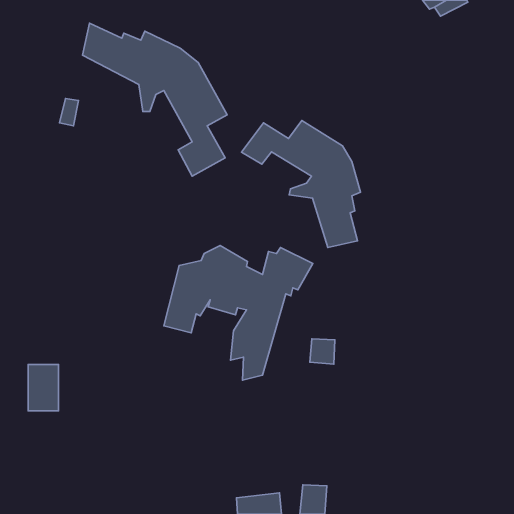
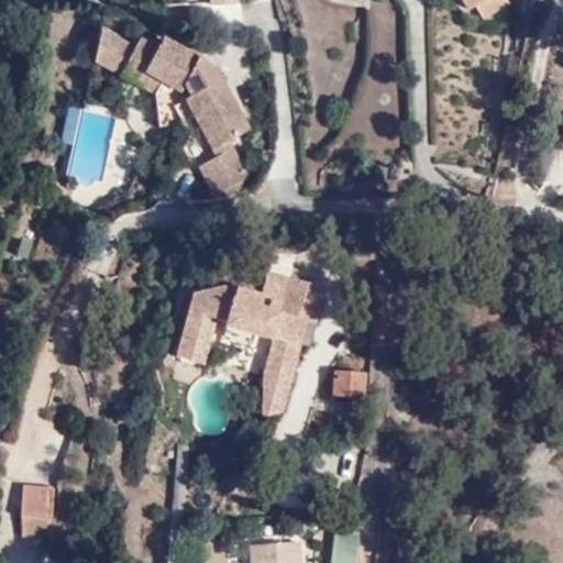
building: [241,121,360,247] -> none
building: [28,364,58,411] -> [19,484,52,534]

